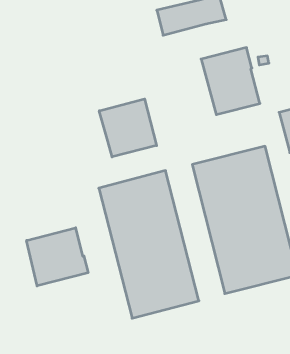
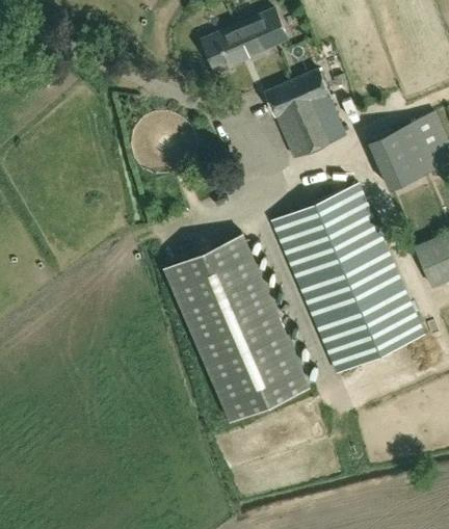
building: [99,99,157,157] -> none
building: [27,228,88,286] -> none

